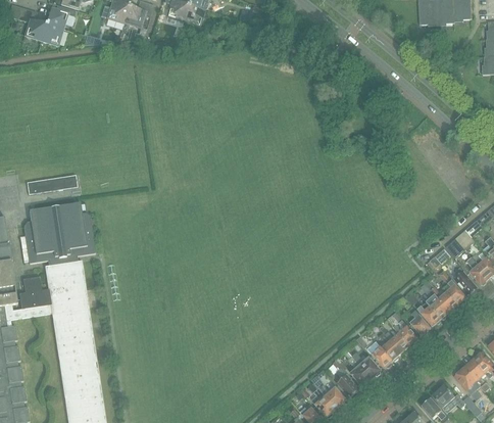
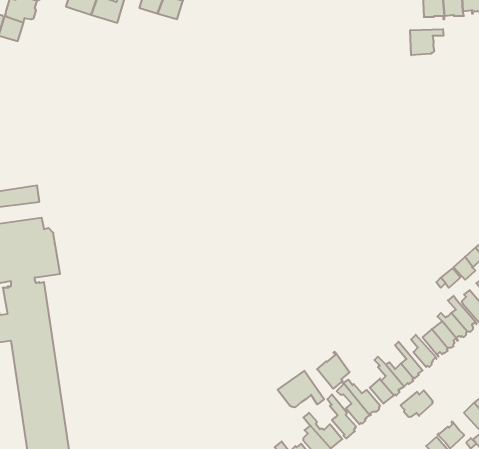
building: none -> [410,29,443,55]
building: none -> [317,352,350,389]
building: none -> [278,371,324,407]
building: none -> [401,390,433,417]

